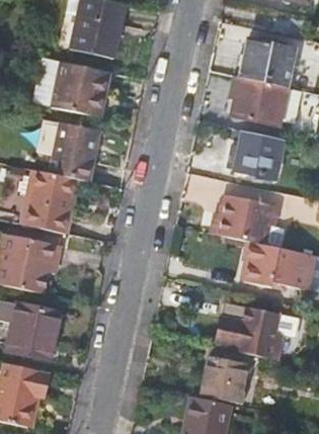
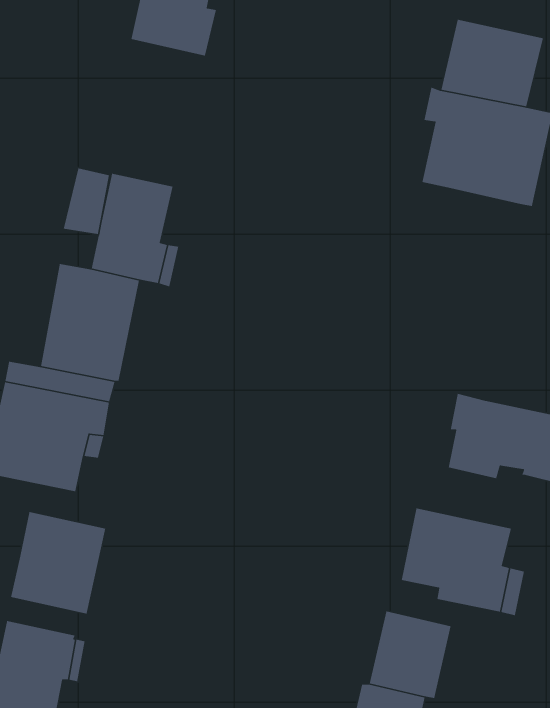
building: [53,61,107,114] -> none
building: [227,129,283,177] -> none
building: [209,193,276,244] -> none

